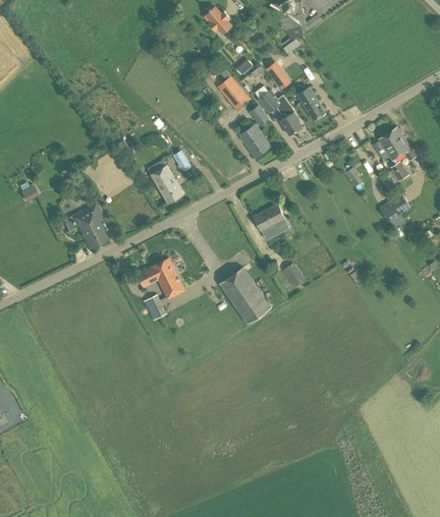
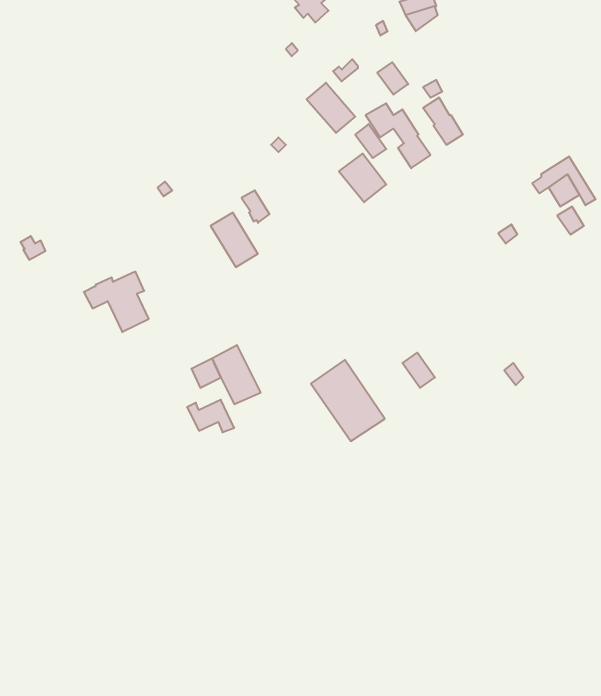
building: [379,194,410,223] -> none
building: [254,206,284,231] -> none

